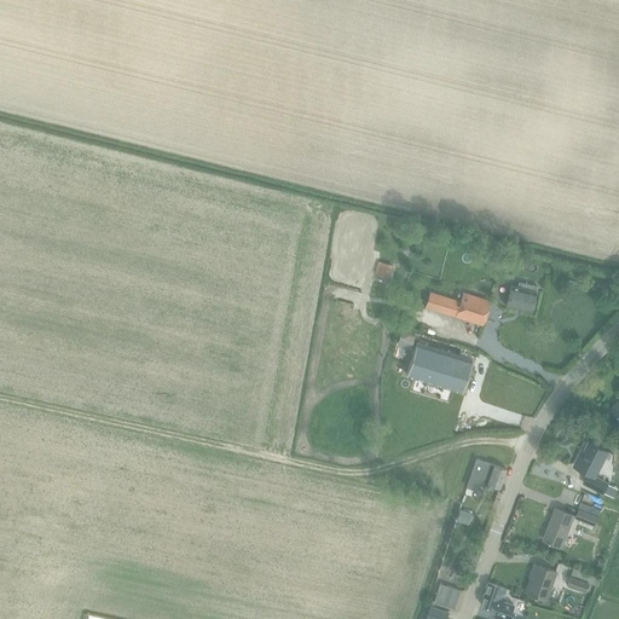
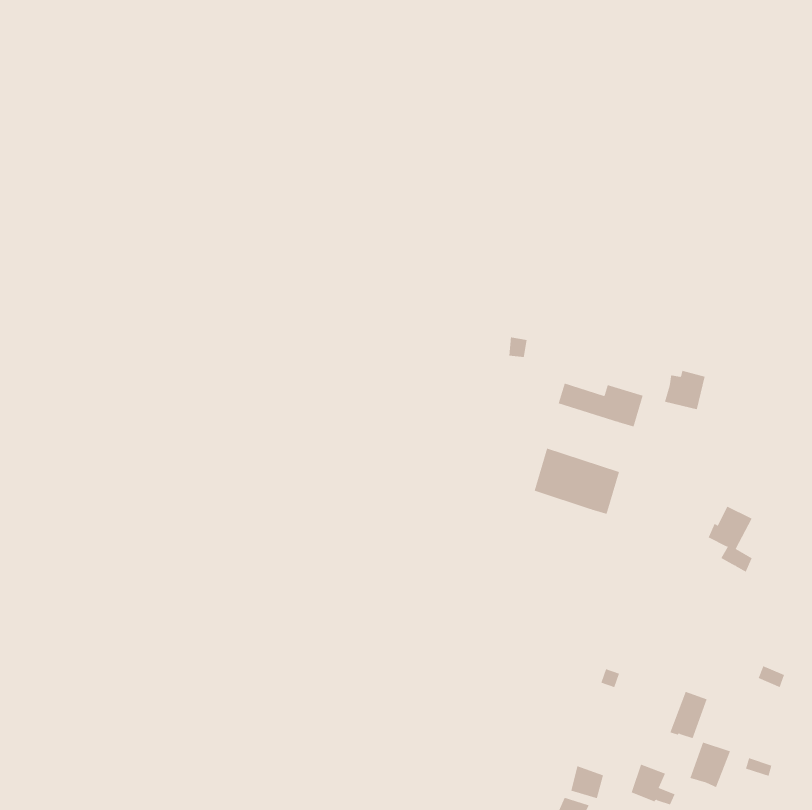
building: [574,444,608,494] -> [708,506,752,573]
building: [467,459,505,491] -> none
building: [544,510,573,546] -> [669,691,708,739]

